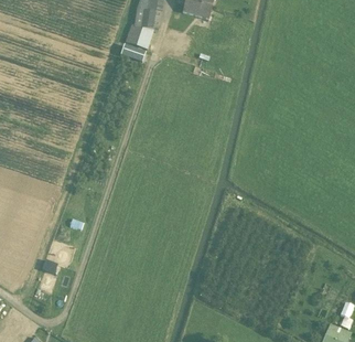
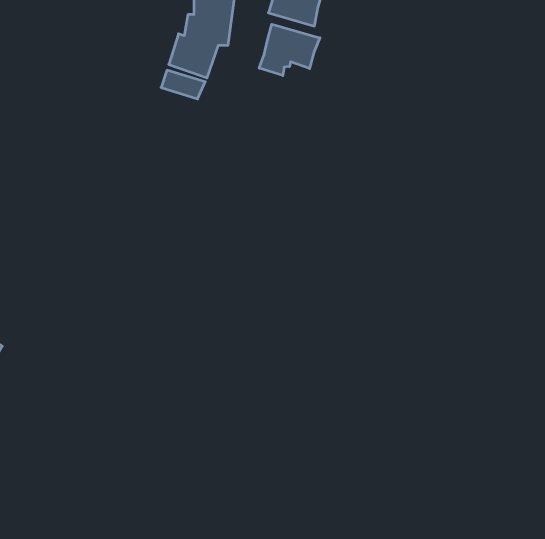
building: none -> [259,24,320,76]

